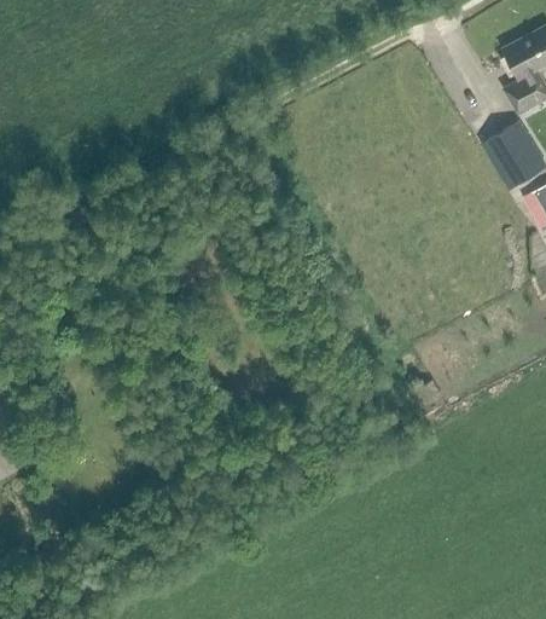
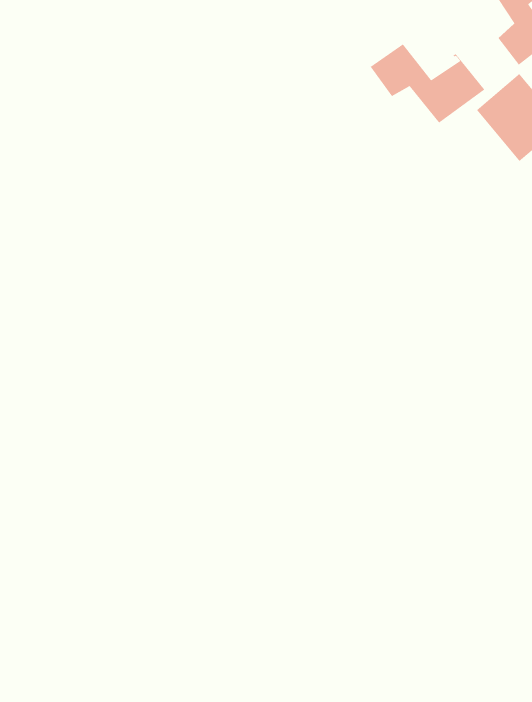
building: none -> [370,44,485,124]

